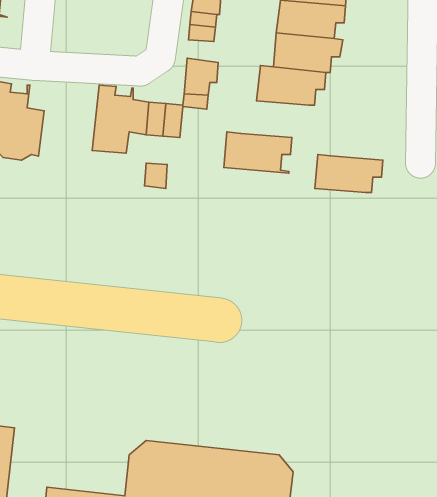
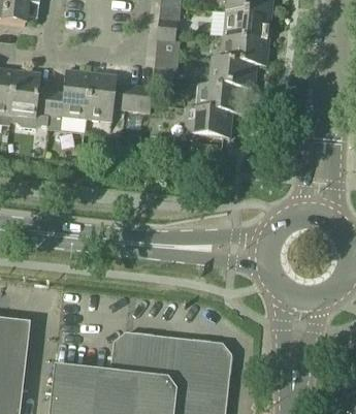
building: none -> [47,68,92,130]
building: [315,154,383,193] -> [195,82,245,109]

